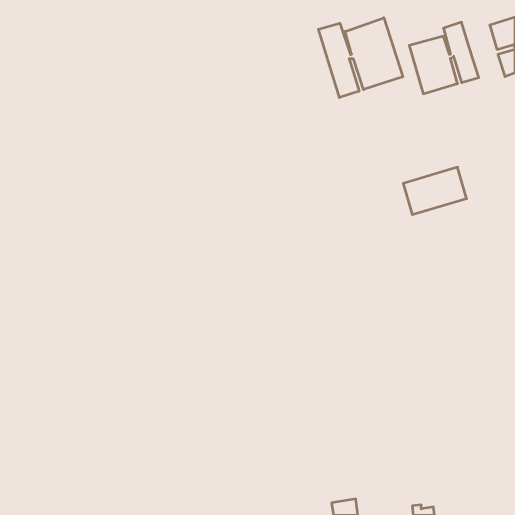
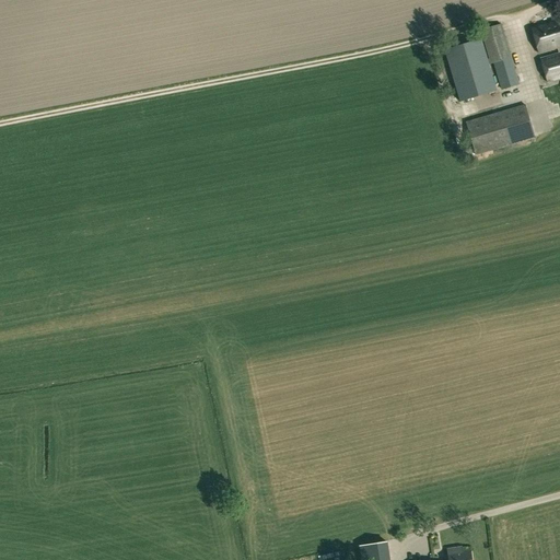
building: [318,18,403,98] -> none
building: [403,167,467,215] -> [466,104,535,155]

